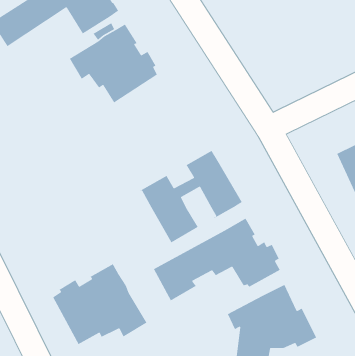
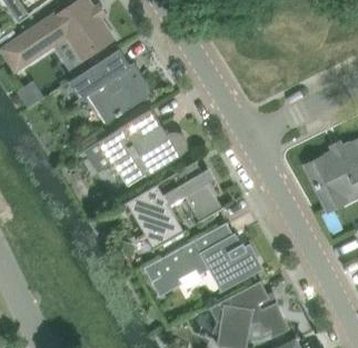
building: none -> [99,110,186,180]
building: [52,263,147,345] -> none

